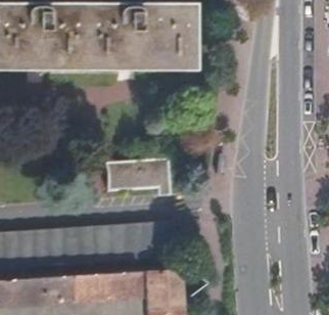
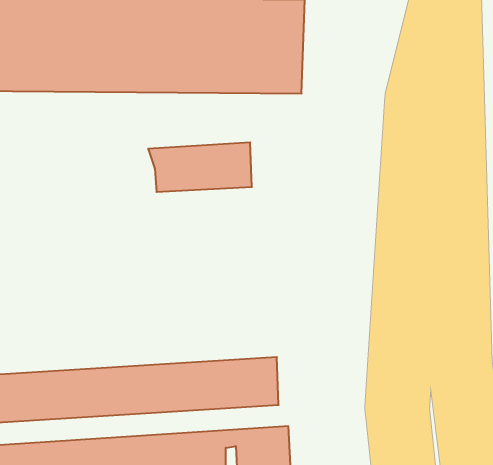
building: [105,160,170,190] -> [148,142,252,192]

